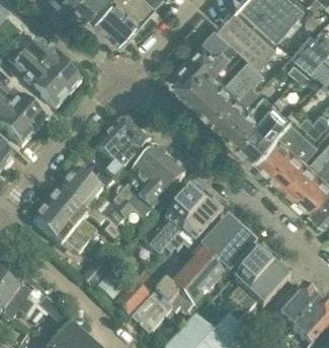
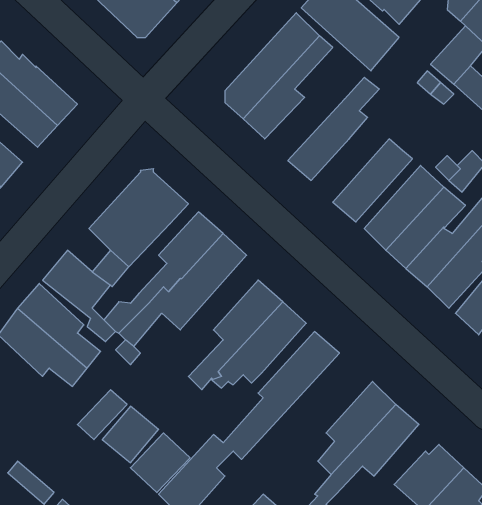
building: [195,54,256,113] -> none
building: [224,92,271,138] -> none
building: [166,230,255,311] -> none

